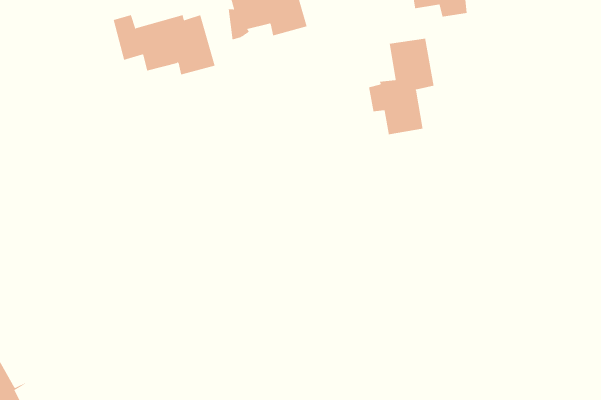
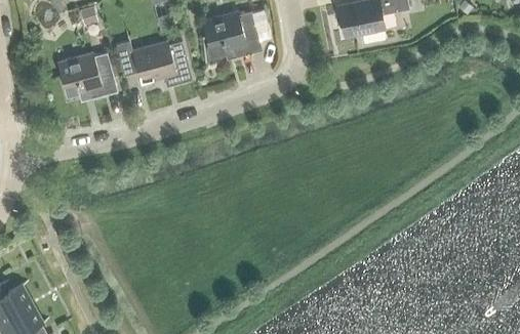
building: none -> [57,52,118,97]
building: [368,38,434,135] -> none

